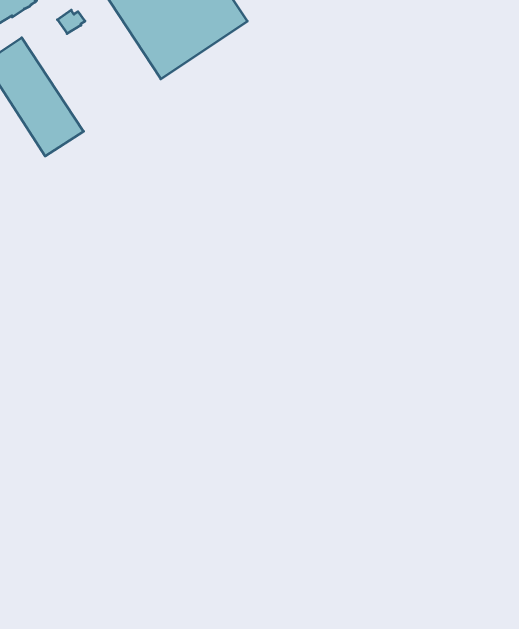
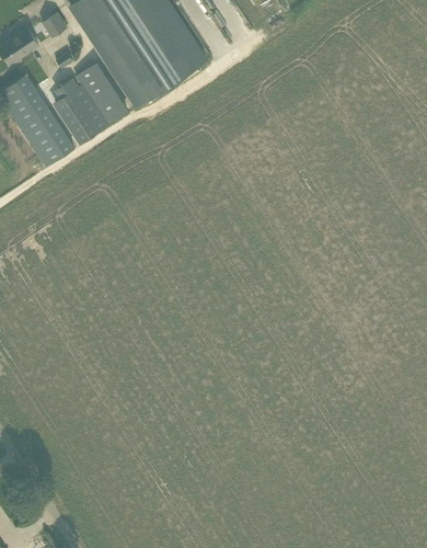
building: none -> [51,60,129,142]

